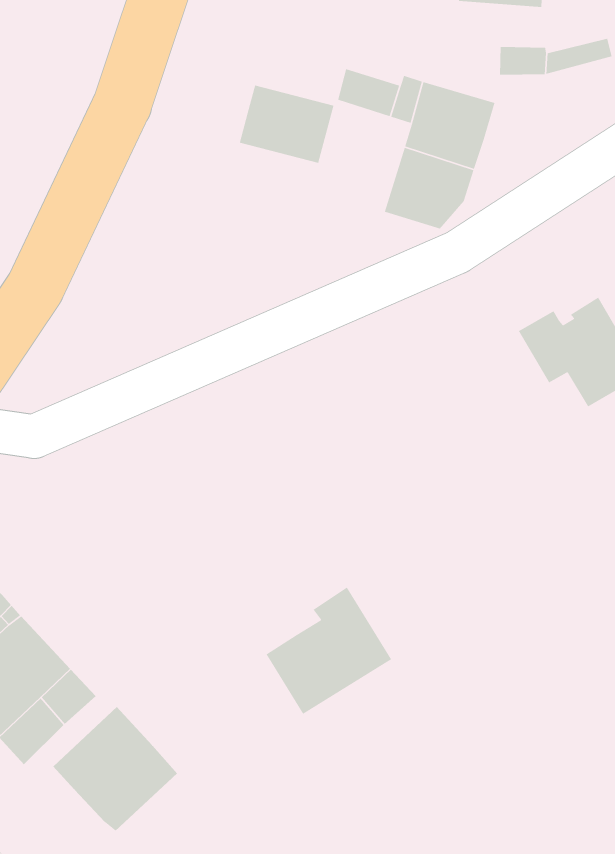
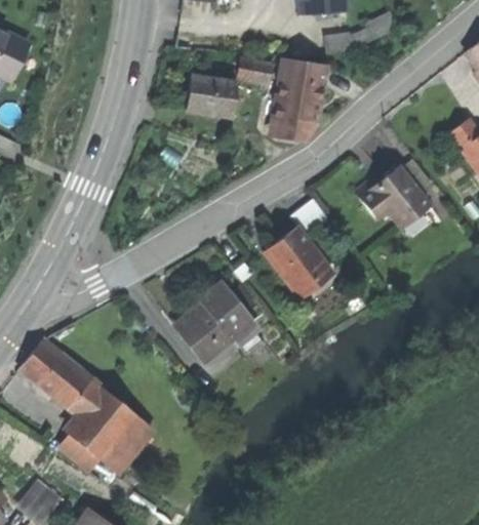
building: none -> [268,228,329,295]
building: [266,587,392,715] -> [181,281,251,356]
building: [52,706,178,832] -> none

